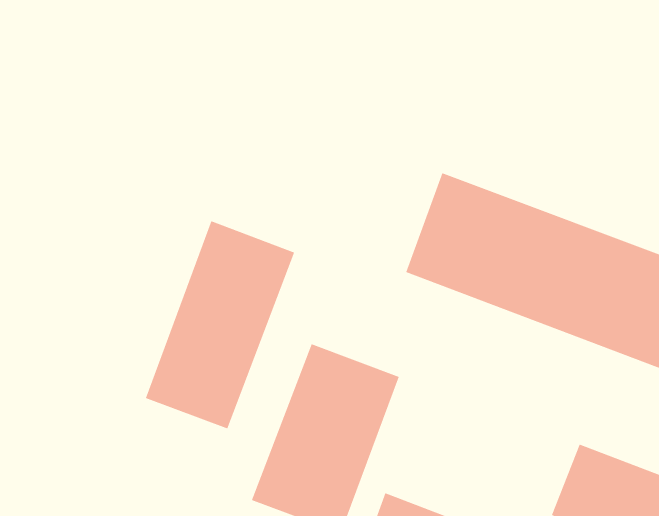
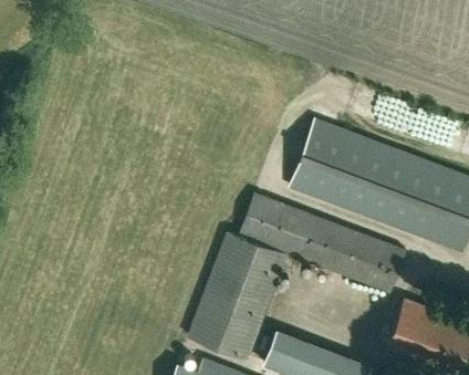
building: [145,220,295,430] -> none
building: none -> [238,194,405,291]

